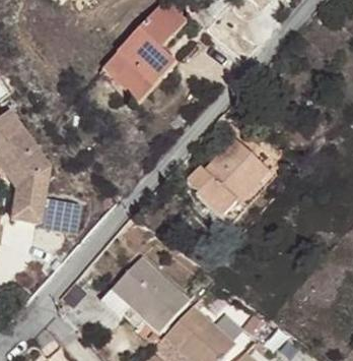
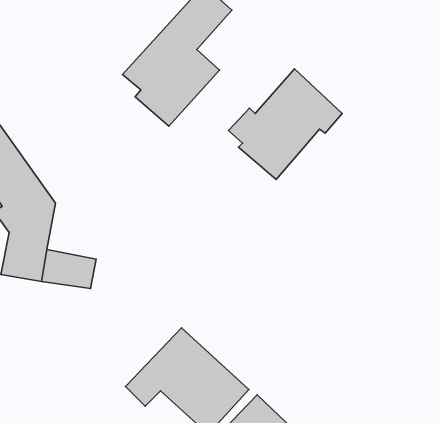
building: [189,133,271,214] -> [229,69,342,179]

